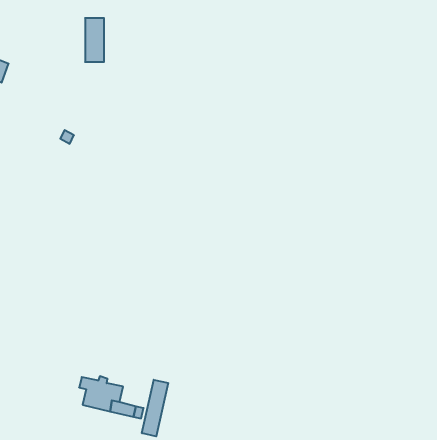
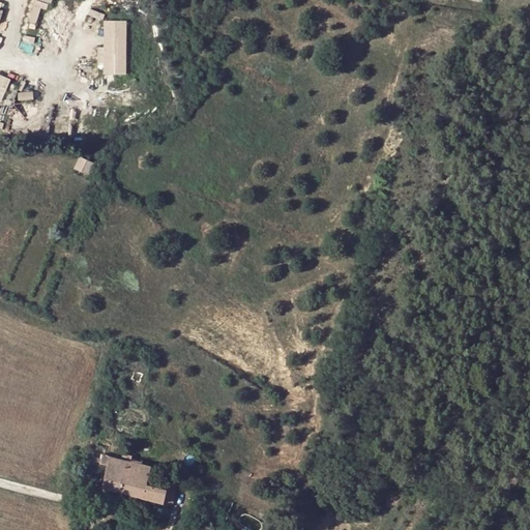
building: [142,380,168,436] -> none

